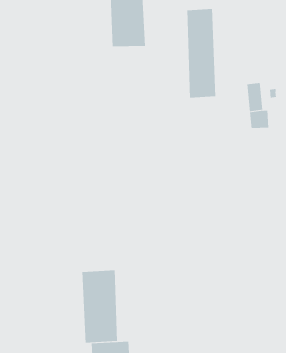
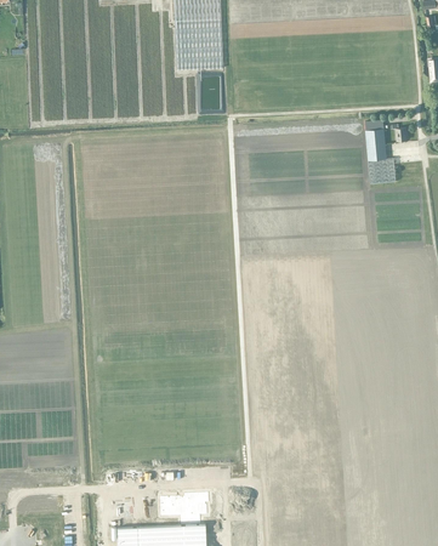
building: [187,8,216,98] -> none
building: [82,270,118,343] -> none

